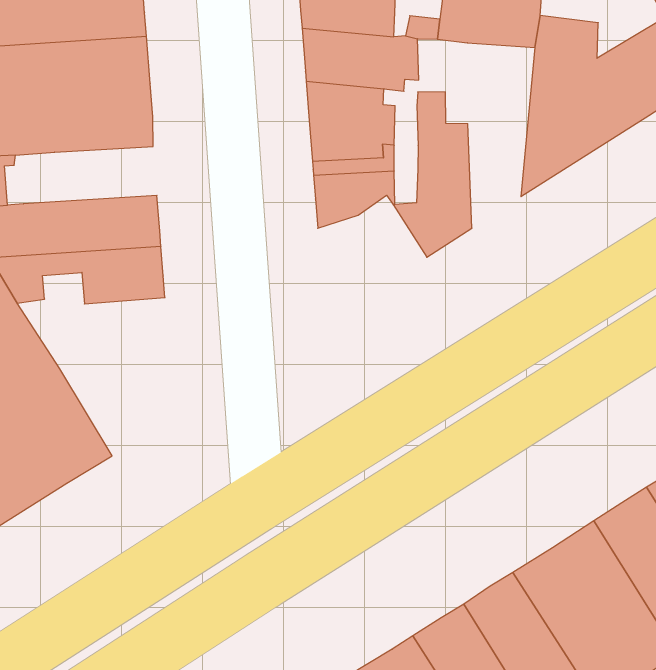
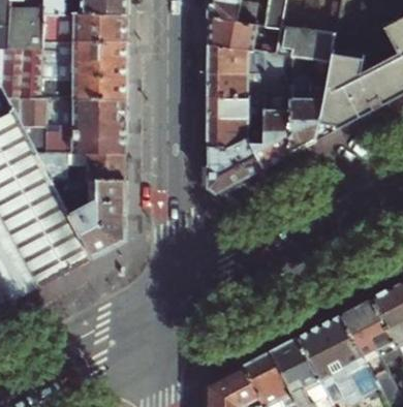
building: none -> [287,58,328,155]
building: none -> [54,98,124,125]
building: none -> [207,134,262,193]
building: none -> [66,179,124,259]

